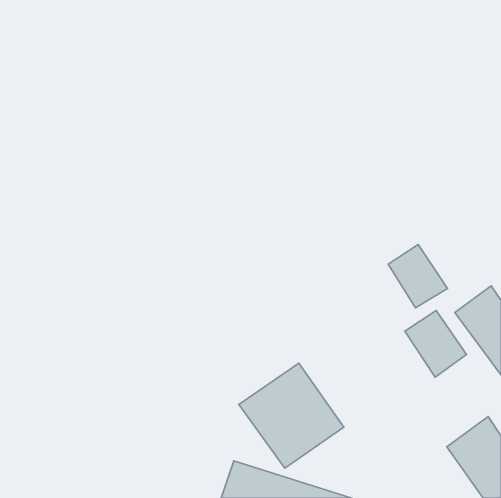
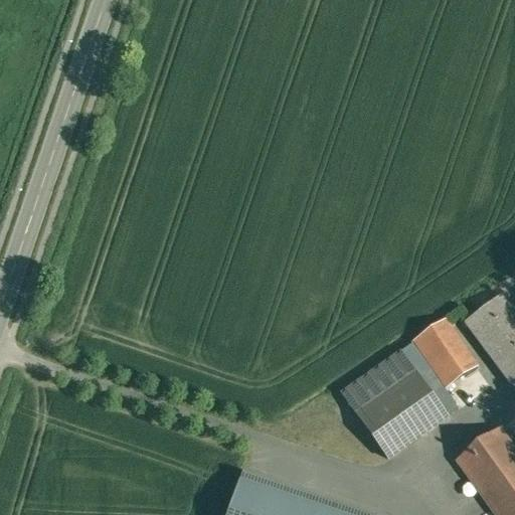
building: [388,244,447,308] -> none
building: [239,363,344,468] -> [341,349,449,457]

